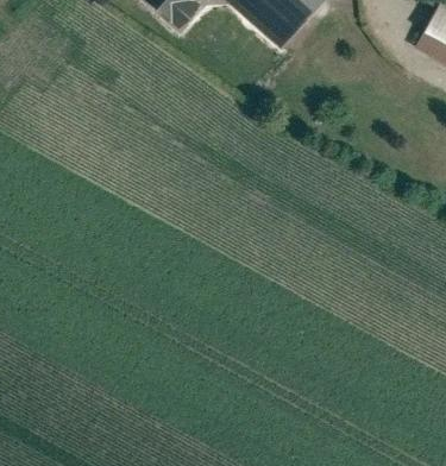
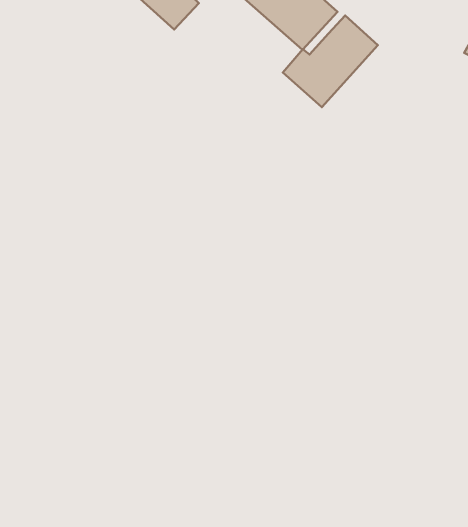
building: none -> [283,16,378,107]

